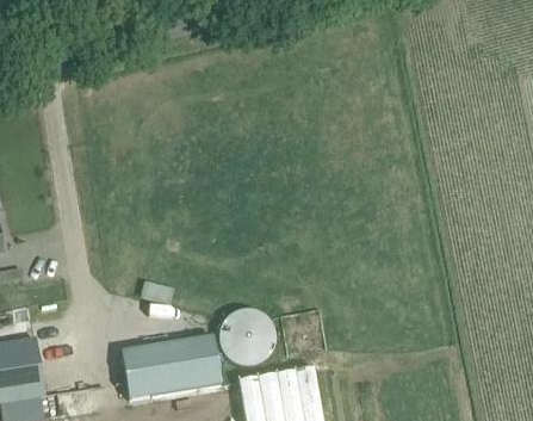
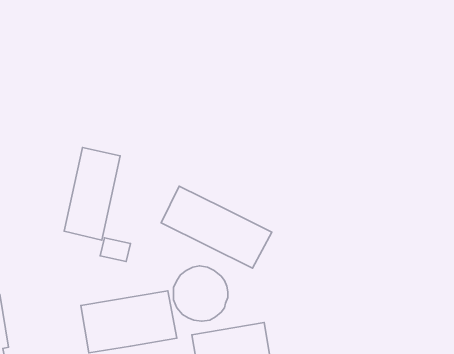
building: none -> [64,148,120,240]
building: none -> [161,186,272,268]

